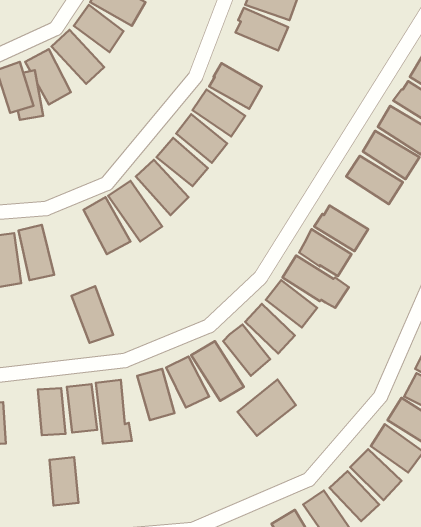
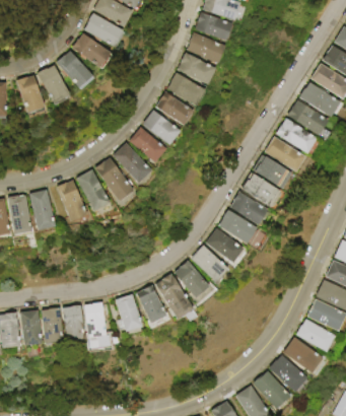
building: none -> [176,52,215,83]
building: none -> [255,157,294,192]
building: [72,286,113,343] -> [54,180,84,221]
building: [237,380,296,436] -> none
building: [49,457,78,506] -> [19,311,41,347]

